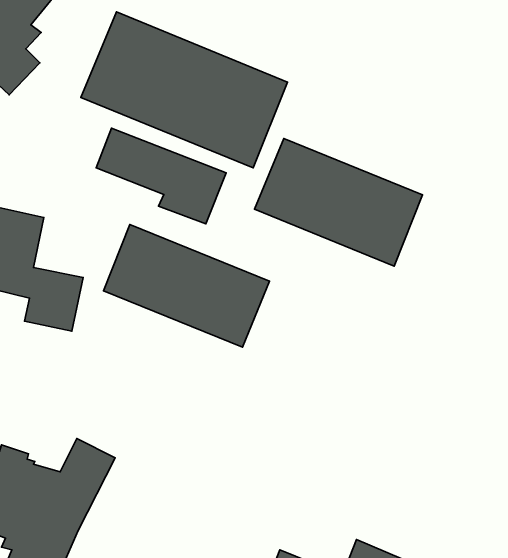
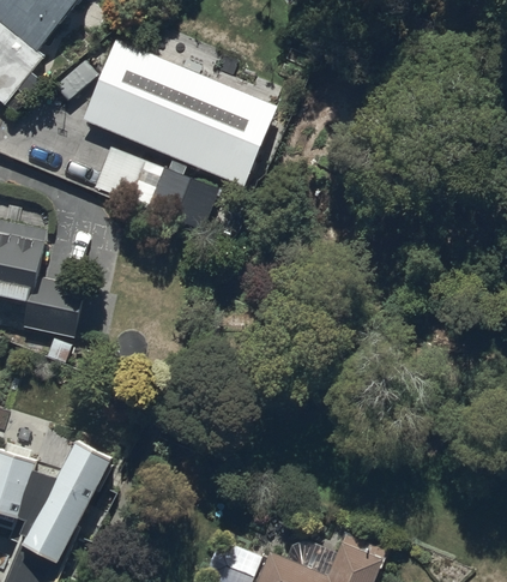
building: [255,139,423,266] -> none
building: [103,224,269,347] -> none

